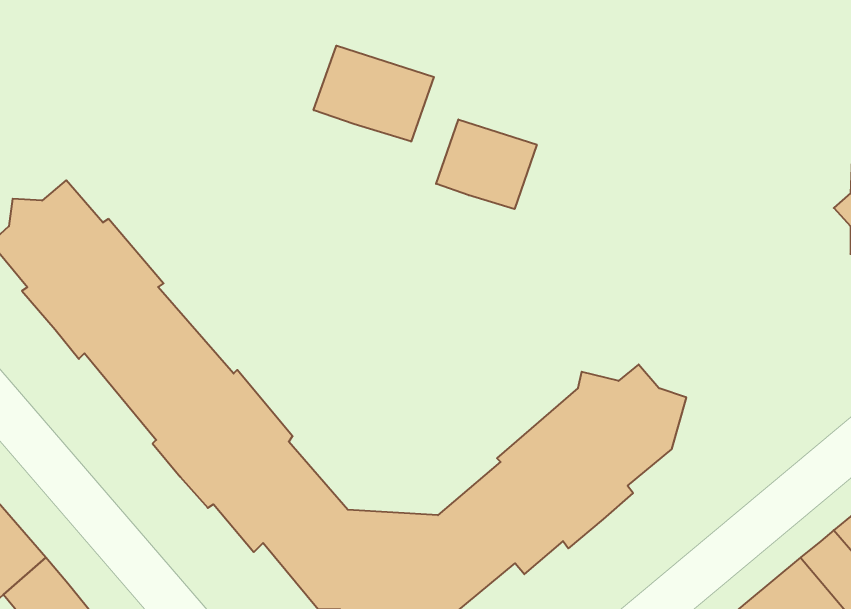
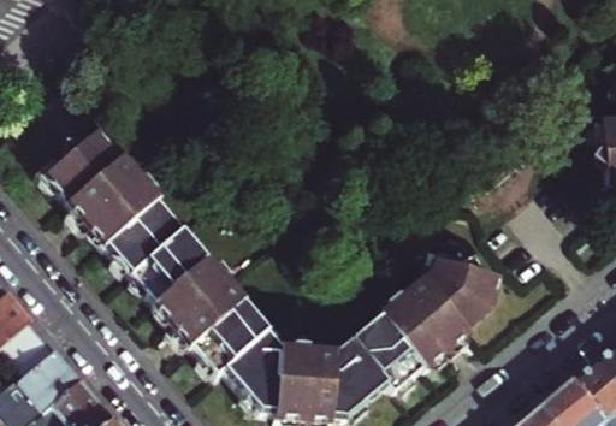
building: [314,46,434,142] -> none
building: [436,119,537,209] -> none

